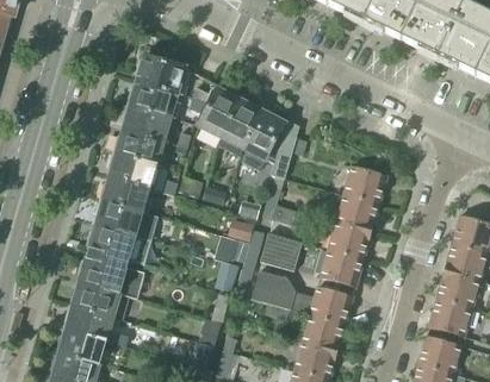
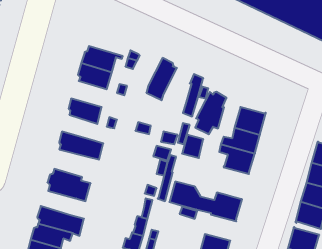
building: [138,49,193,94] -> none
building: [199,88,242,136] -> none
building: [242,111,286,170] -> [195,92,227,134]
building: [113,129,163,165] -> none
building: [100,176,150,212] -> none
building: [88,225,153,264] -> none
building: [261,233,303,270] -> none
building: [321,250,364,287] -> none
building: [70,283,120,318] -> none
building: [302,317,346,353] -> none

